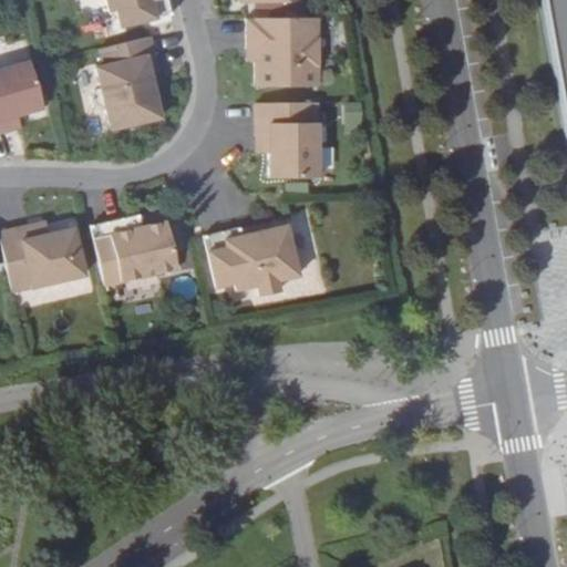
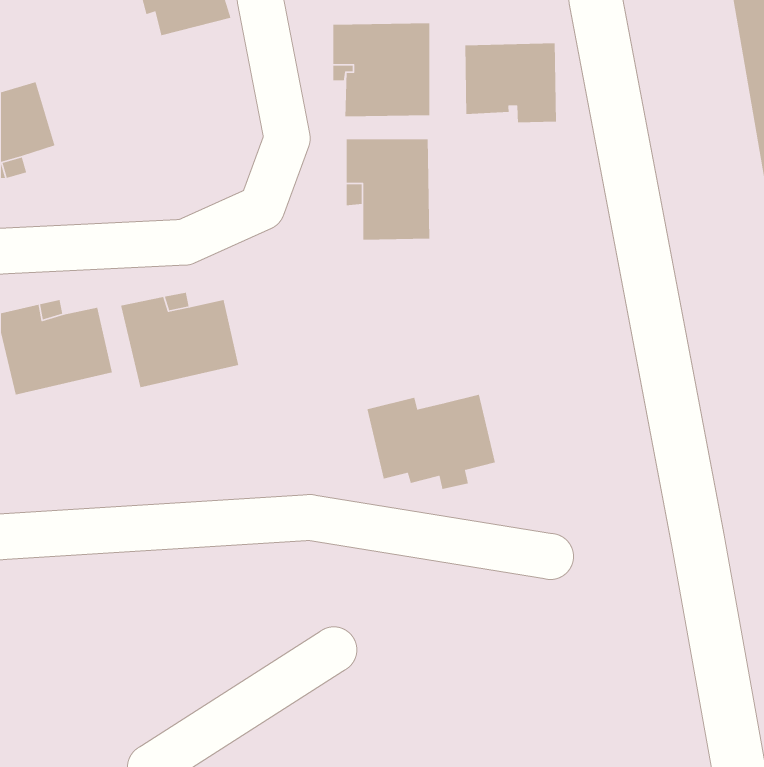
building: none -> [464,42,557,123]
building: [93,35,163,130] -> none
building: [206,224,301,295] -> [367,394,496,490]

